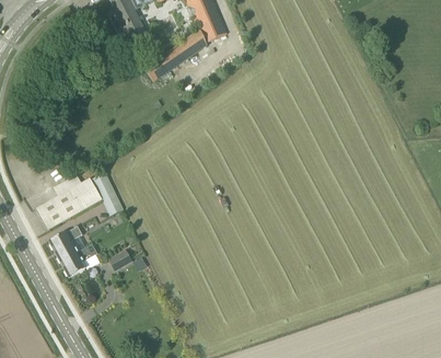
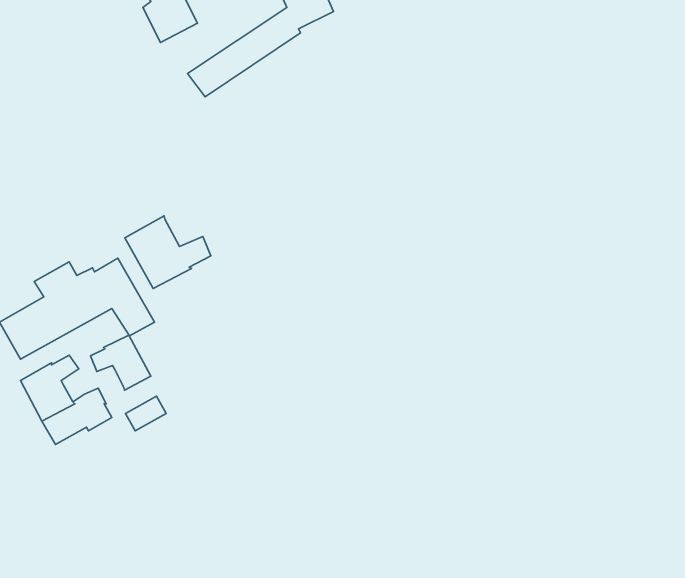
building: none -> [125,216,211,289]
building: none -> [91,335,151,390]

